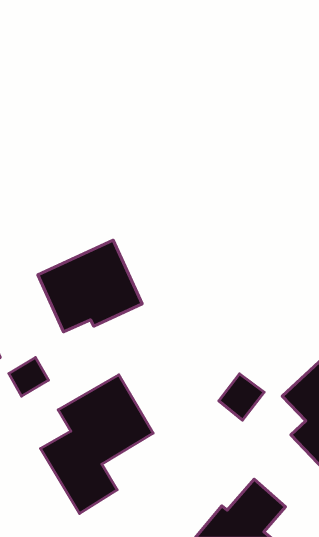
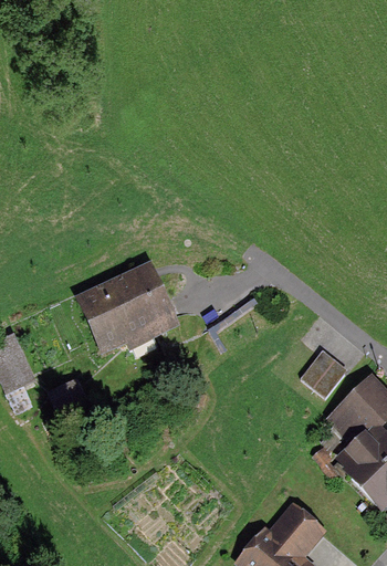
building: [219,374,264,420] -> [301,352,347,399]
building: [40,375,153,514] -> none

